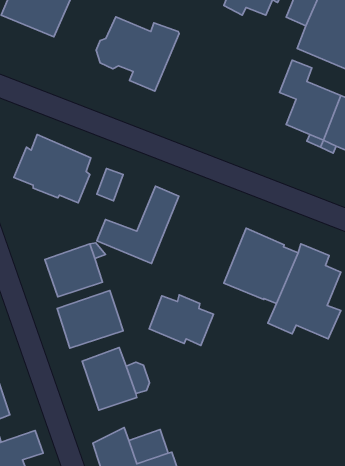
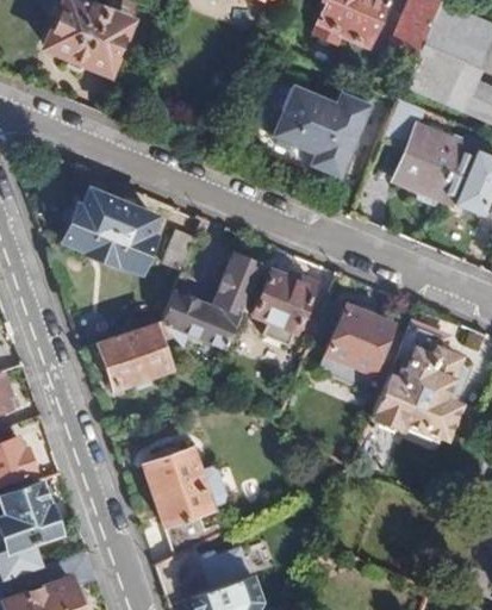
building: [96,17,179,91] -> [269,88,370,179]
building: [57,291,123,348] -> none
building: [149,295,213,346] -> [253,273,331,335]

